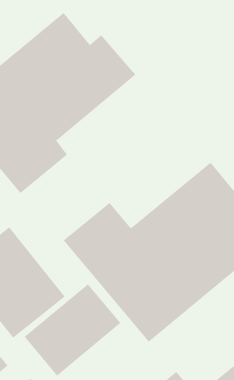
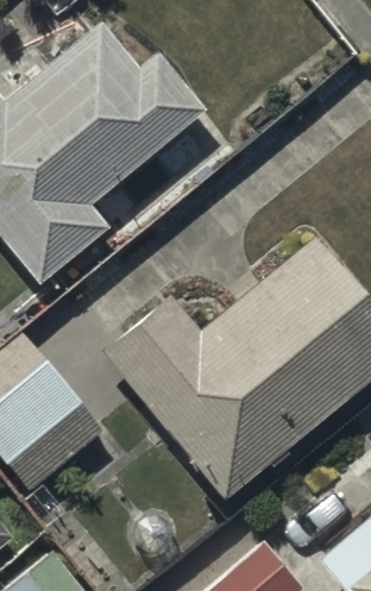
building: [24,283,121,376] -> none

